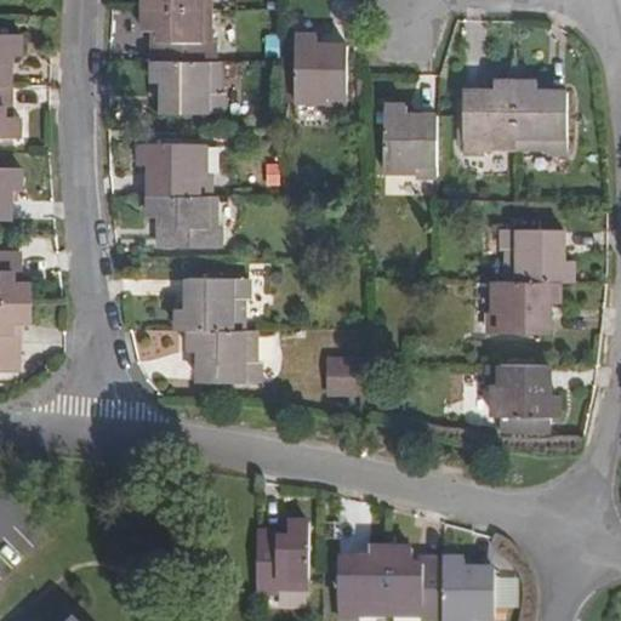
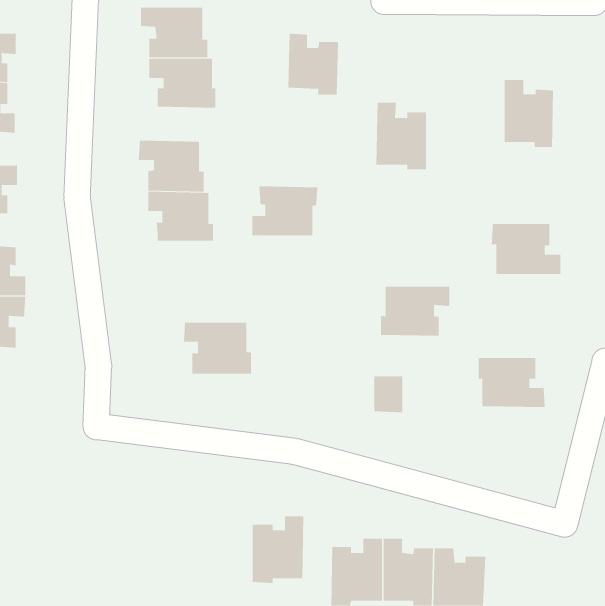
building: [463,81,514,149] -> none
building: [177,278,245,329] -> [252,186,318,236]
building: [501,280,572,331] -> [380,286,450,336]
building: [330,359,360,397] -> [374,376,403,413]

